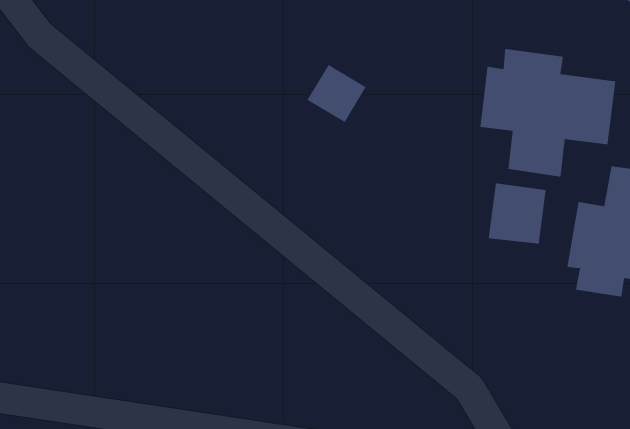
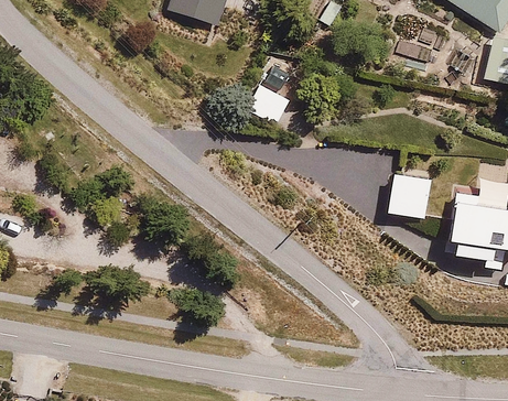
building: [480,48,616,177] -> none

